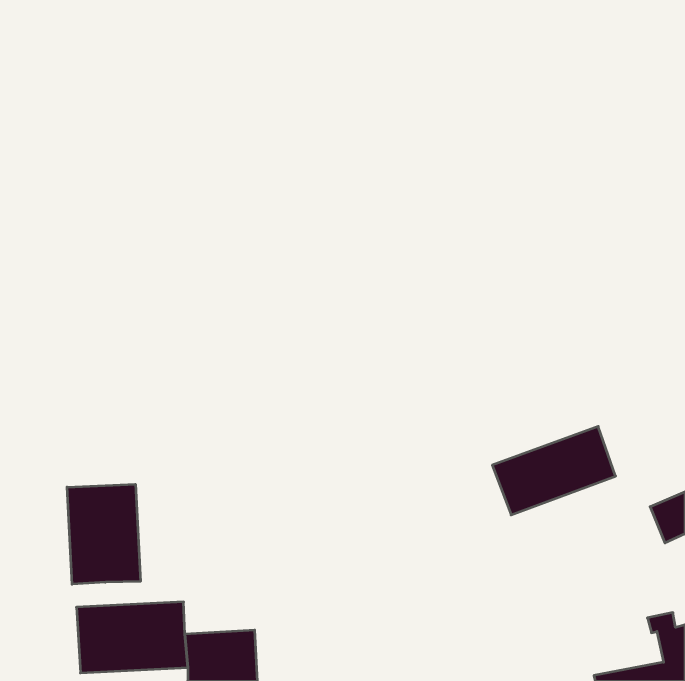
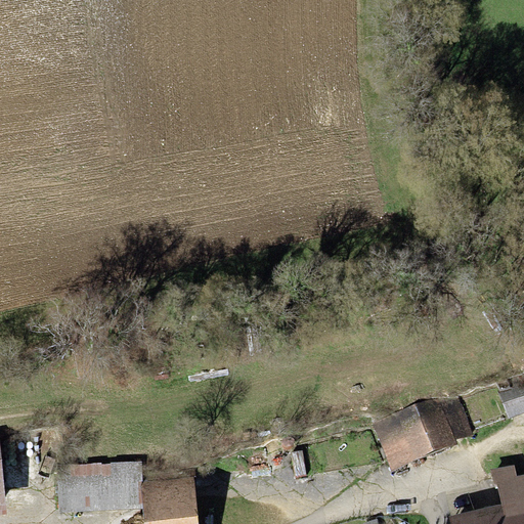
building: [492,426,616,515] -> [376,398,470,466]
building: [67,484,140,584] -> none

